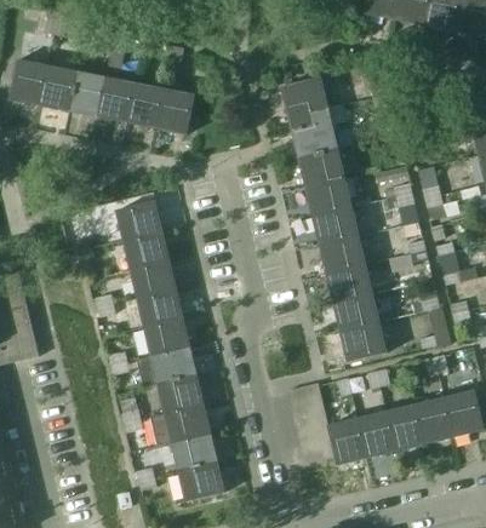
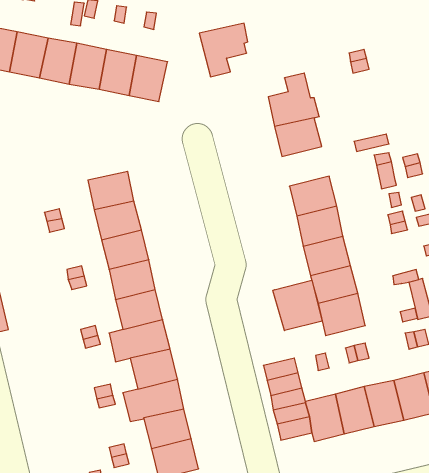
building: [280,76,327,128] -> [199,23,248,77]
building: [304,177,350,216] -> none
building: none -> [273,280,322,331]

